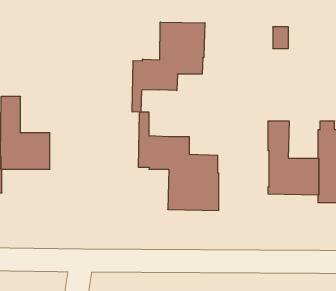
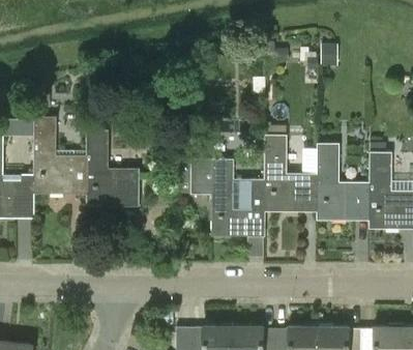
building: [132,22,205,112] -> none
building: none -> [85,129,139,207]
building: none -> [263,135,317,212]

